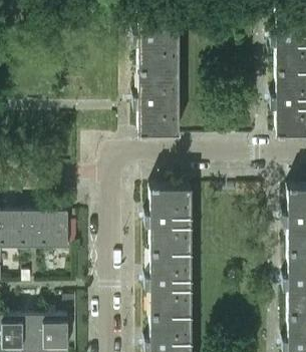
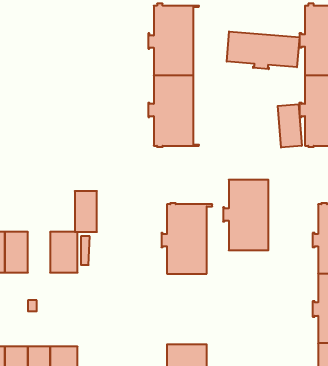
building: none -> [227,31,299,69]
building: none -> [278,104,302,148]
building: [26,212,46,249] -> [75,191,97,232]
building: [147,250,189,314] -> [223,180,268,250]

